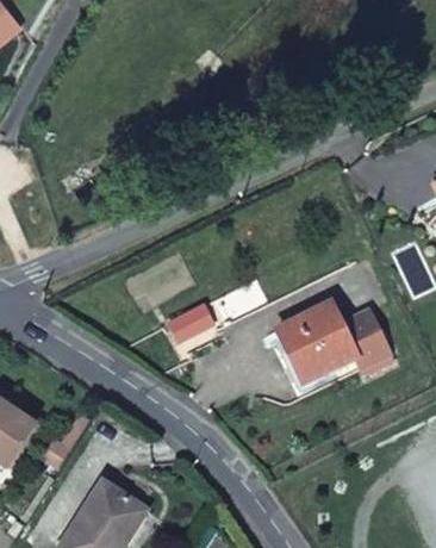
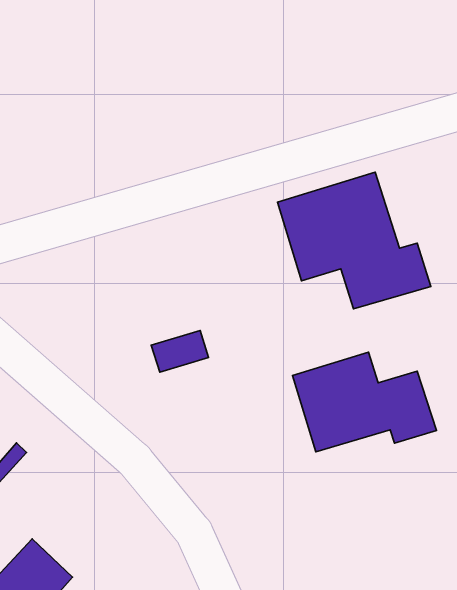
building: none -> [277,172,431,309]

